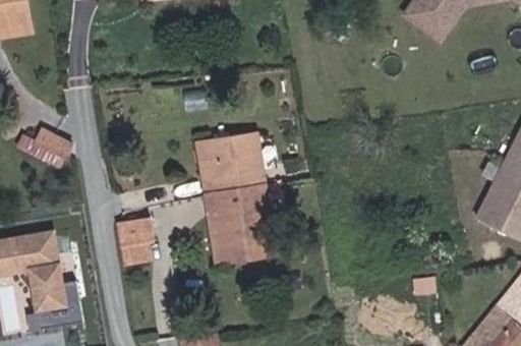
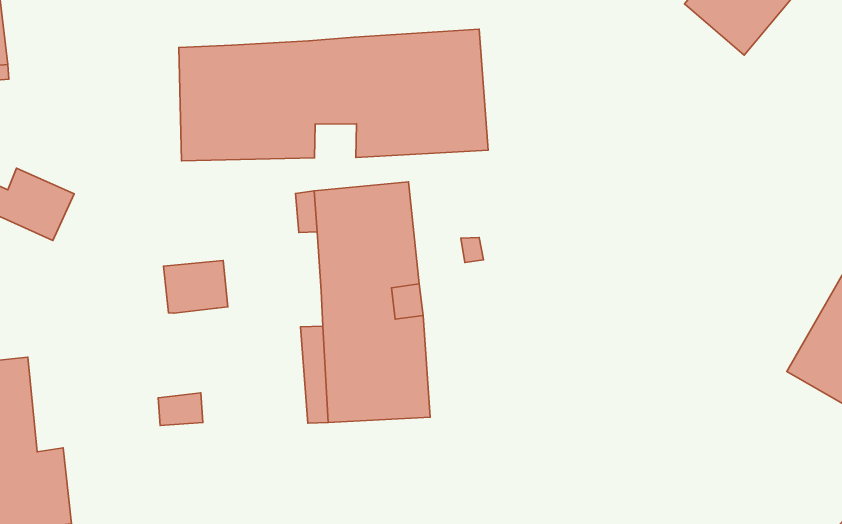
building: none -> [179,29,488,161]
building: [119,220,156,250] -> [164,261,228,313]

